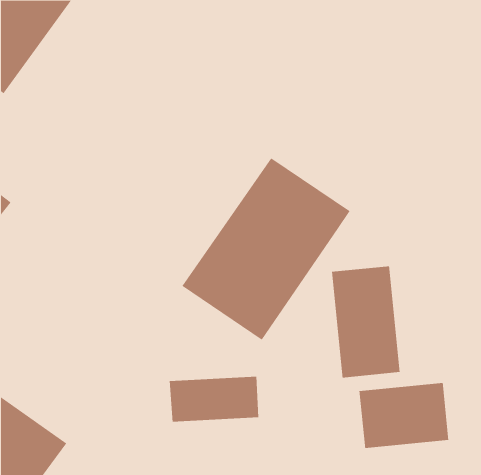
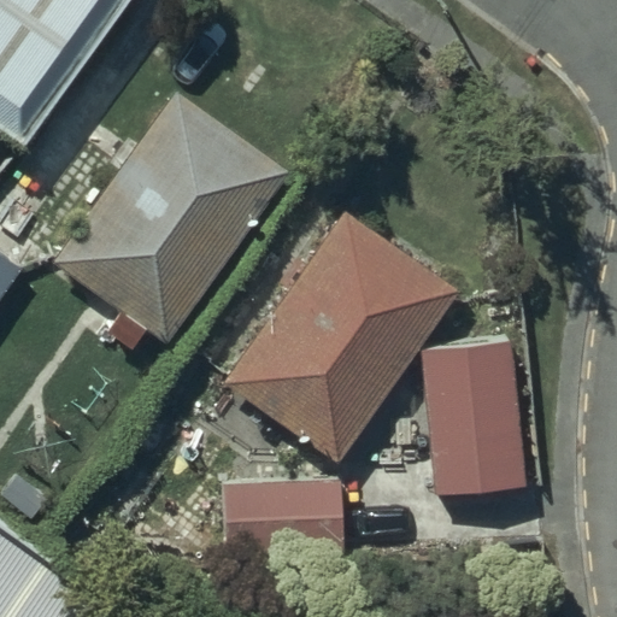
building: none -> [63,94,275,324]
building: [359,382,449,449] -> none

